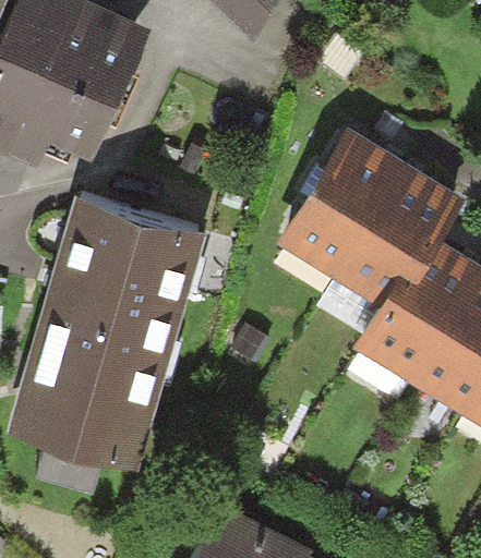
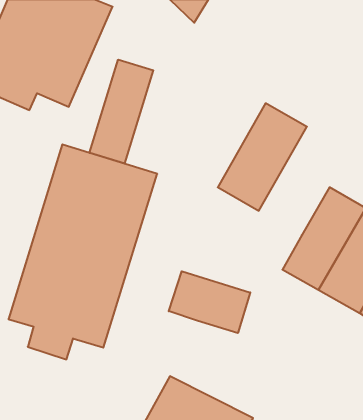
building: none -> [89,60,153,164]
building: [337,172,456,313] -> none
building: none -> [169,271,250,333]

